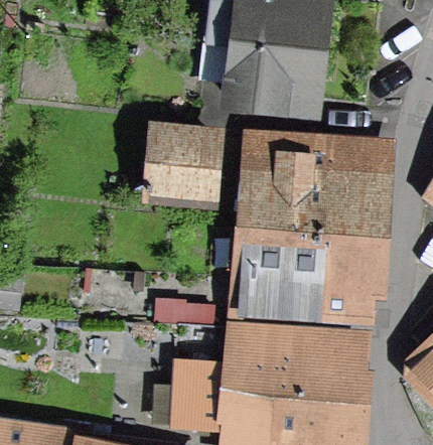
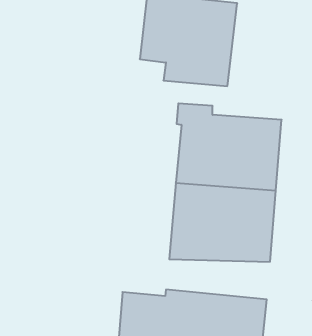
building: [157,131,219,202] -> none
building: [240,324,368,374] -> none

